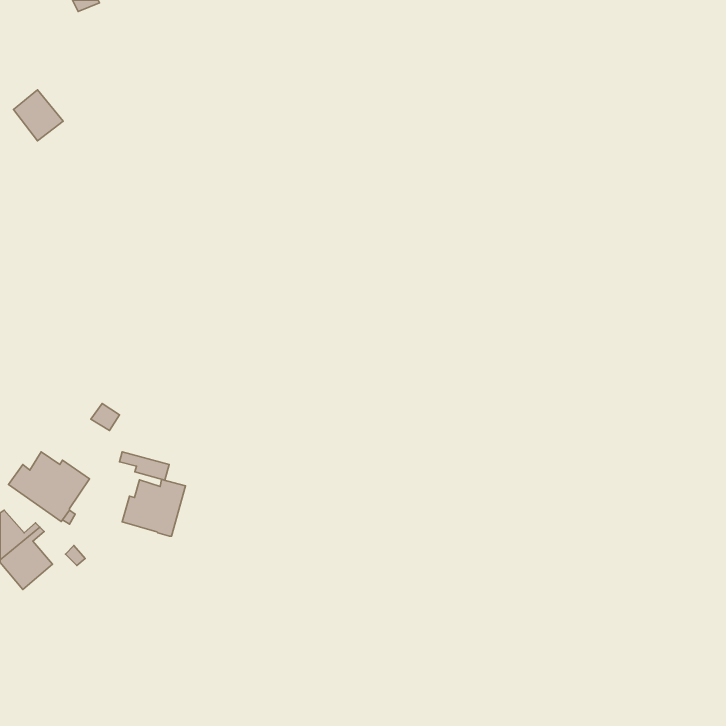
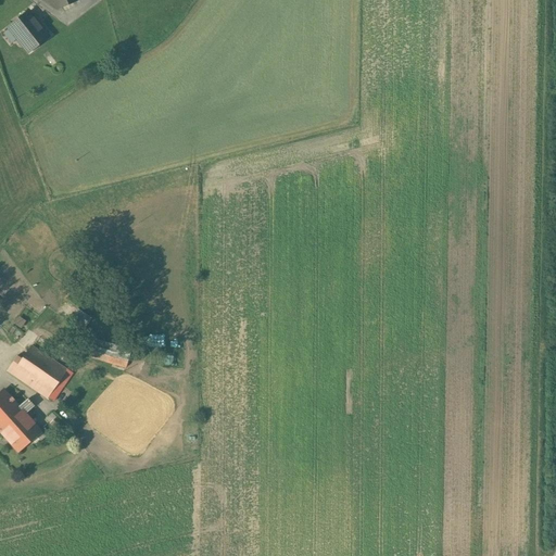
building: [13,90,63,141] -> [10,13,48,52]
building: [122,479,185,536] -> none

